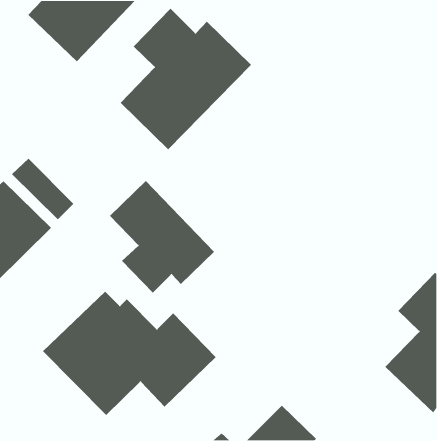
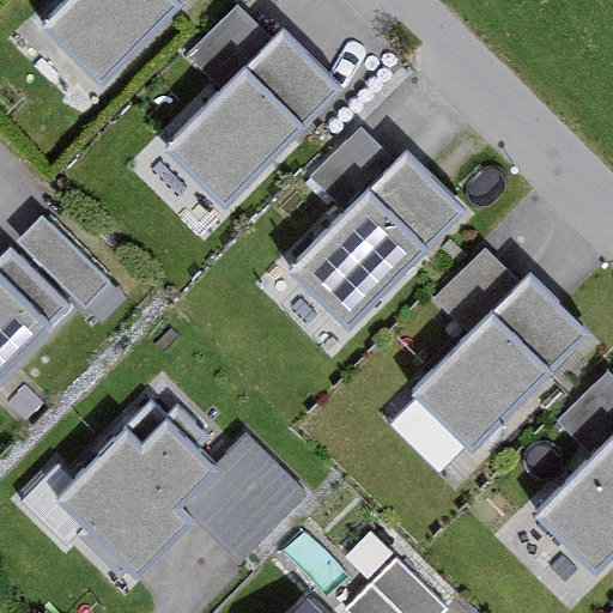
building: none -> [283,133,467,330]
building: none -> [412,248,595,444]
building: [109,180,215,293] -> none

